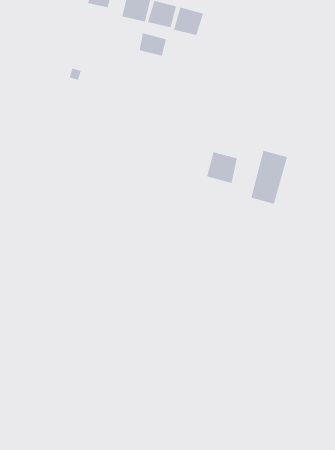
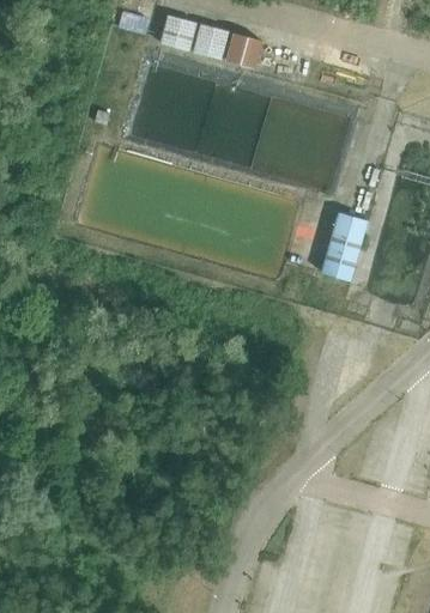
building: [139,33,166,57] -> none
building: [207,151,238,184] -> none

